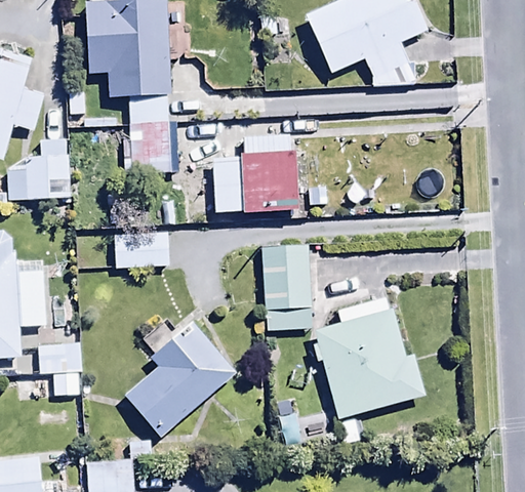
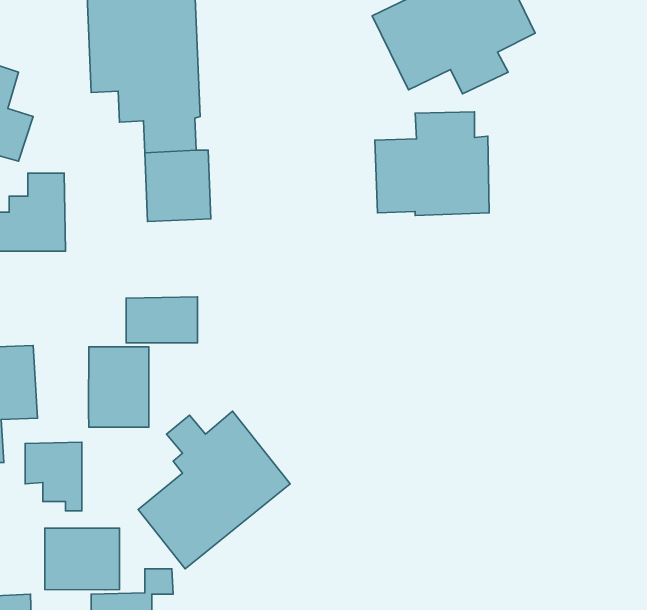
building: [213,135,300,214] -> [375,112,489,216]
building: [261,245,308,308] -> none
building: none -> [88,347,149,427]
building: [313,297,426,417] -> none
building: none -> [45,528,120,590]

